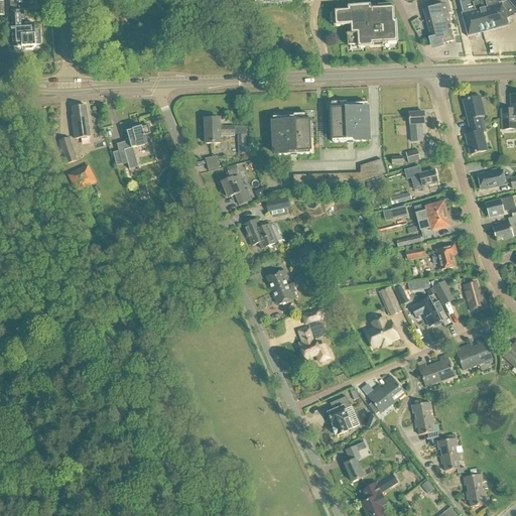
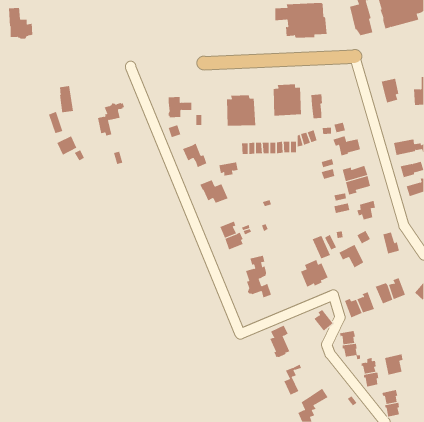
building: [408,110,423,140] -> [310,94,323,119]
building: [465,121,487,152] -> none
building: [367,385,392,413] -> none
building: none -> [385,354,403,375]

